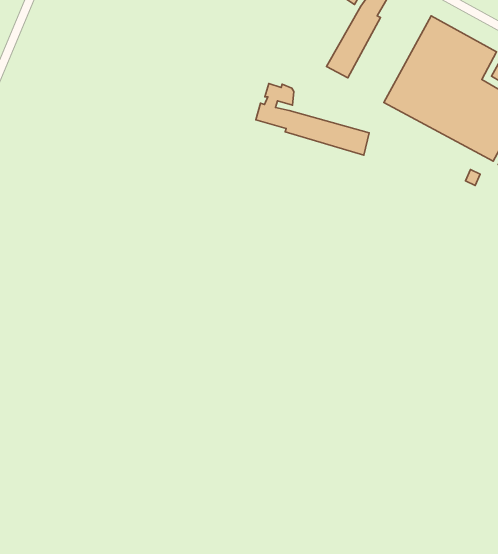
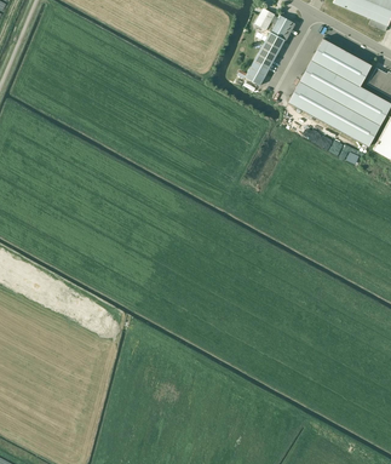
building: [256,83,369,155] -> none

